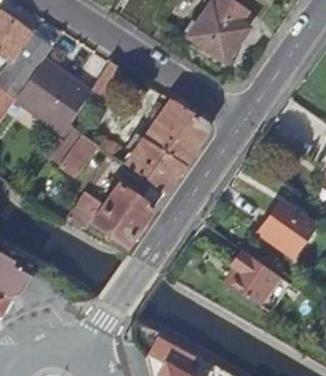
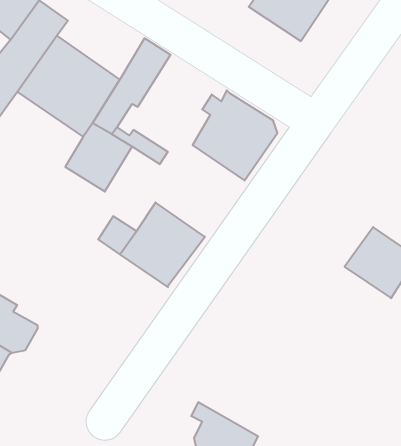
building: [129,140,184,193] -> none
building: [223,250,280,306] -> none

